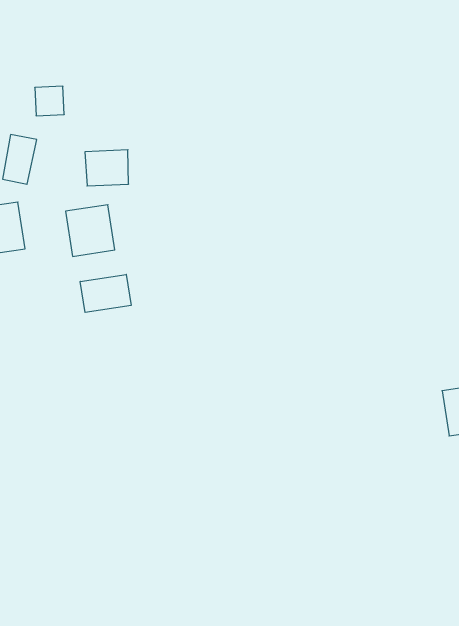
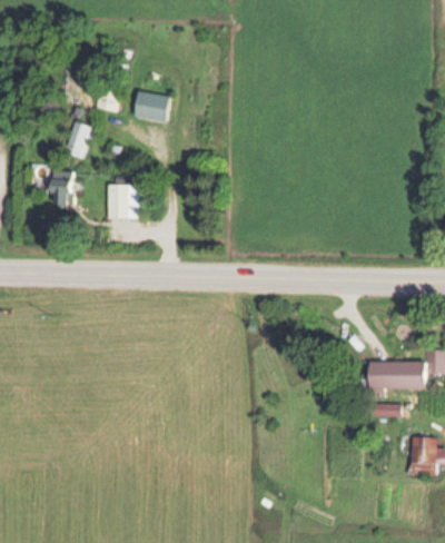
building: [85,150,129,186] -> [135,91,169,120]
building: [80,274,131,312] -> none

